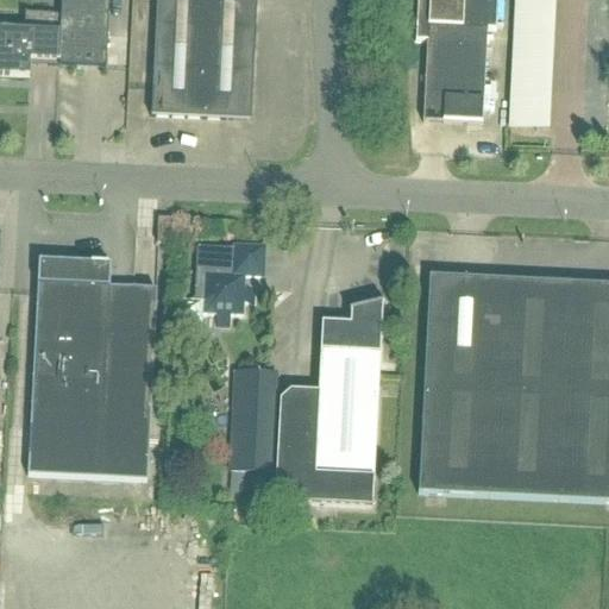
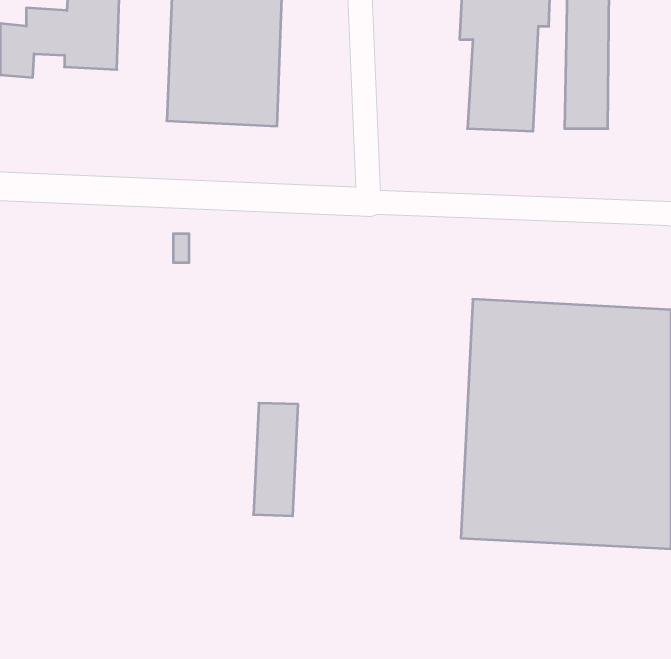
building: [181,239,264,320] -> none
building: [27,256,156,476] -> none
building: [274,296,382,502] -> none

